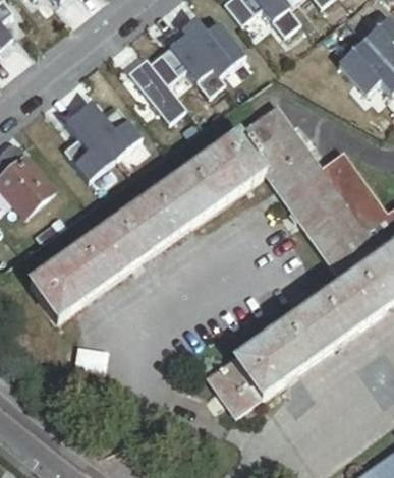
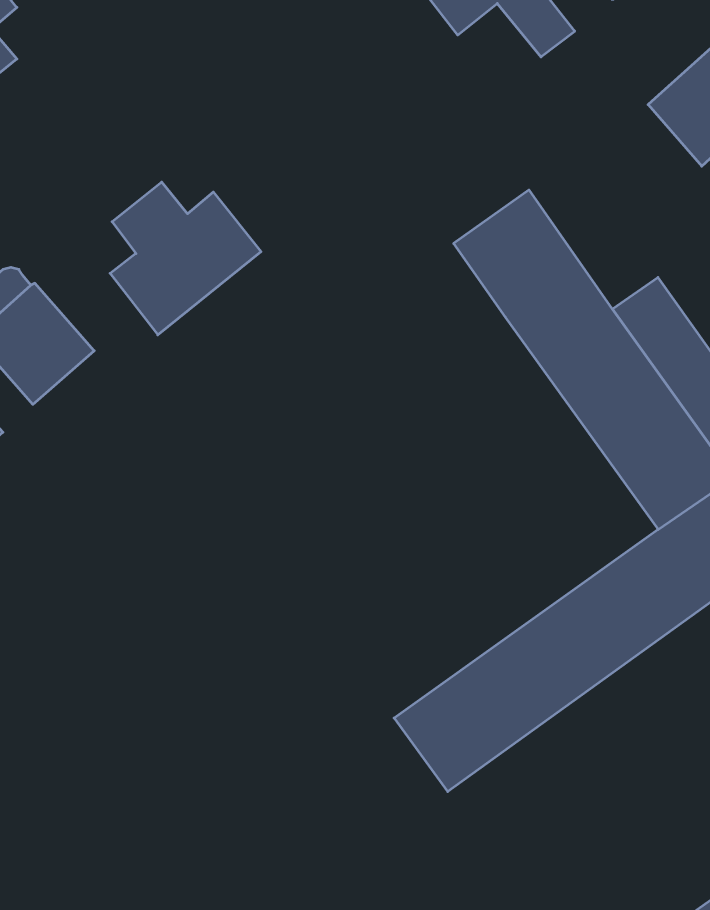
building: [125,19,243,123] -> none
building: [30,133,264,319] -> none

